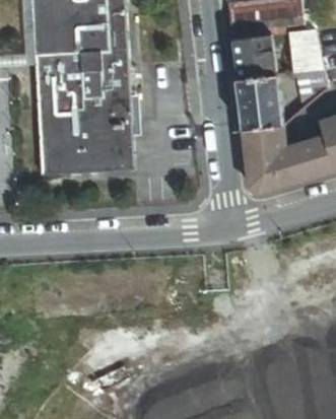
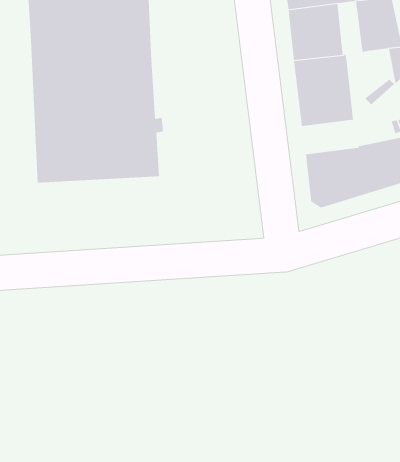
building: [243,123,286,149] -> none

